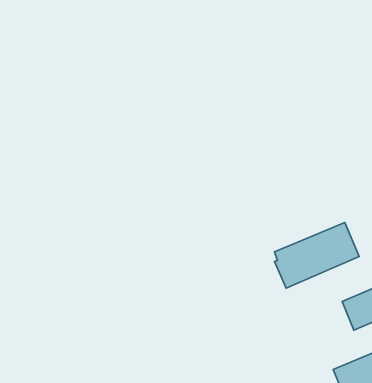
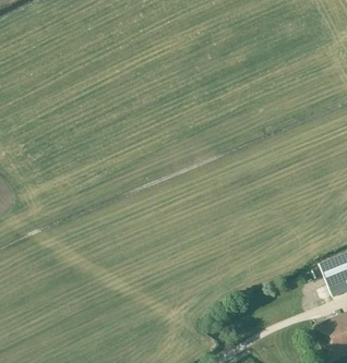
building: [275,222,359,288] -> none

